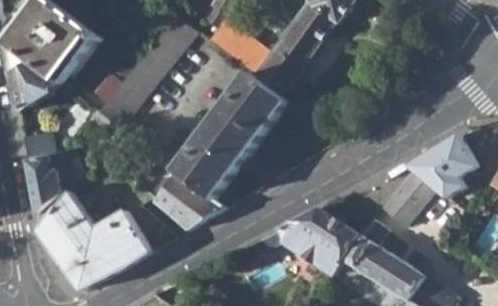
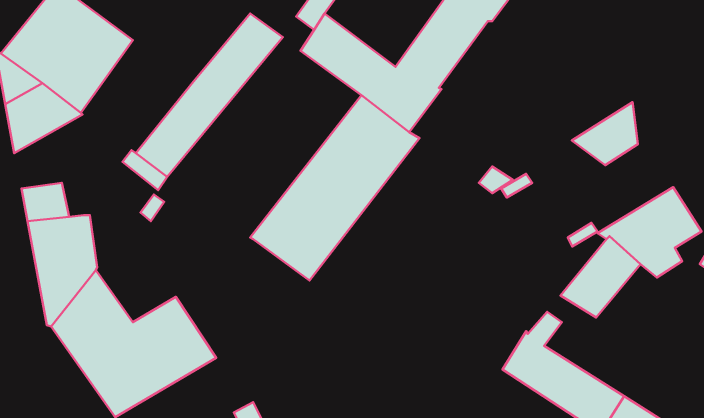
building: none -> [572,102,638,165]
building: [152,170,223,227] -> none
building: [260,207,359,273] -> none

